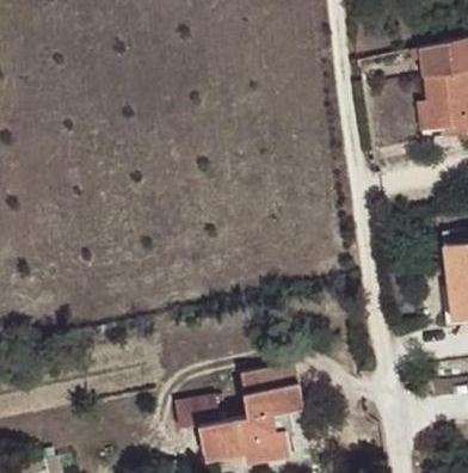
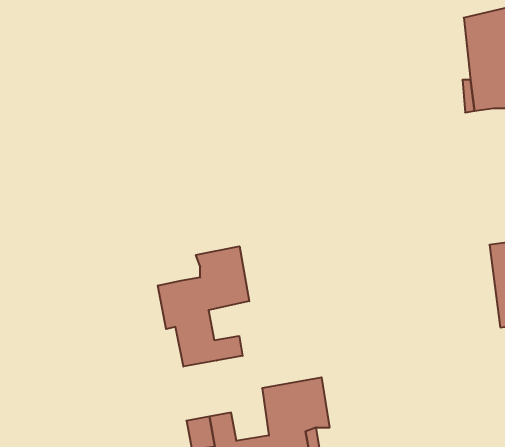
building: none -> [158,246,249,367]

